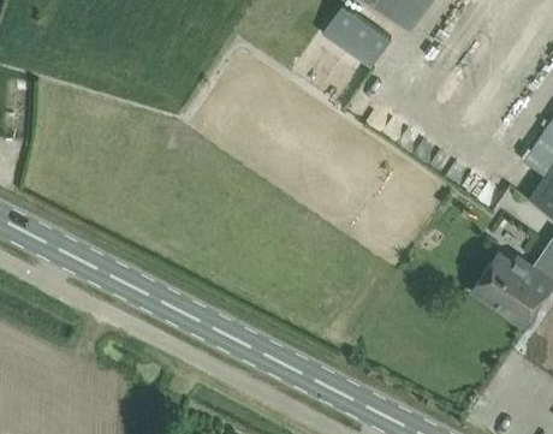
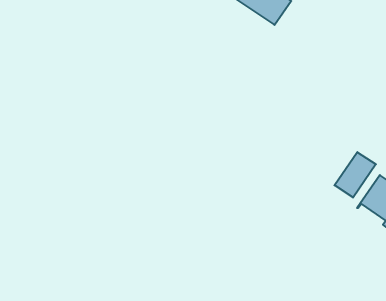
building: none -> [334,152,376,198]

